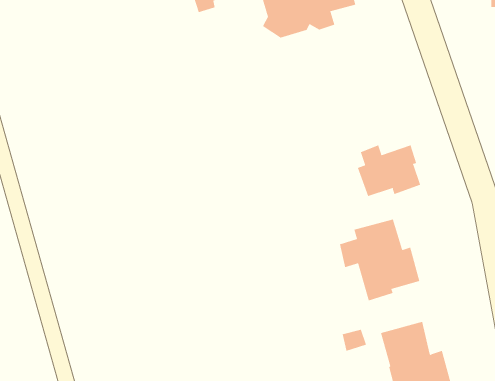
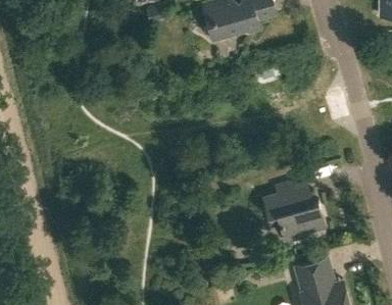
building: [357,144,421,197] -> none

